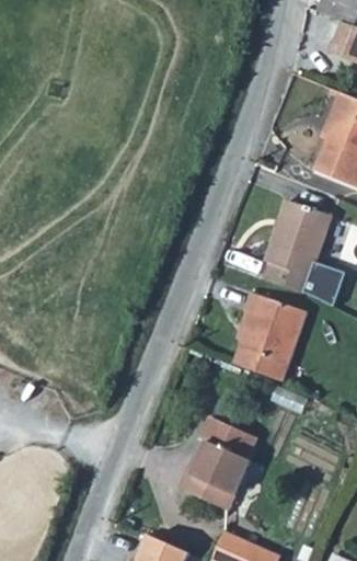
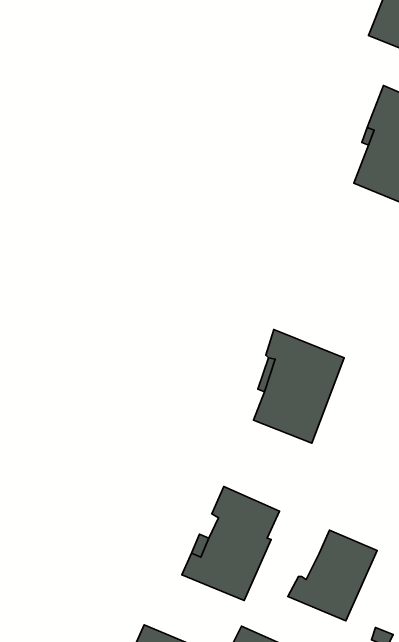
building: [264,201,345,308] -> none
building: none -> [288,530,377,621]

